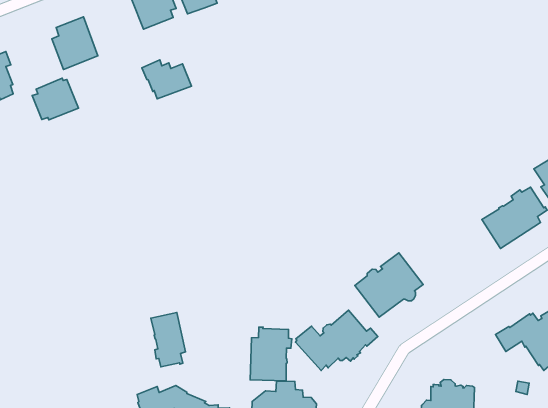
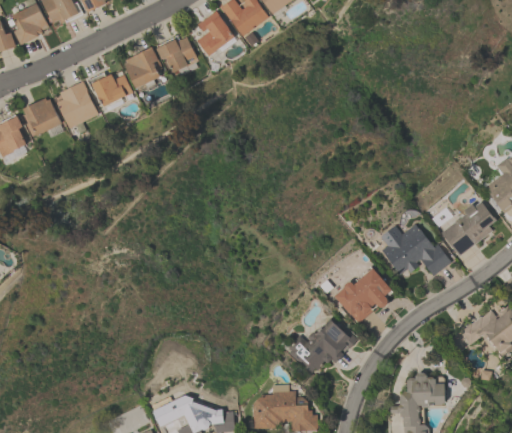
building: [142,60,191,99] -> [88,72,132,106]
building: [32,78,78,120] -> [20,98,61,135]
building: none -> [380,223,451,276]
building: [151,312,186,367] -> none
building: [250,327,292,381] -> none

